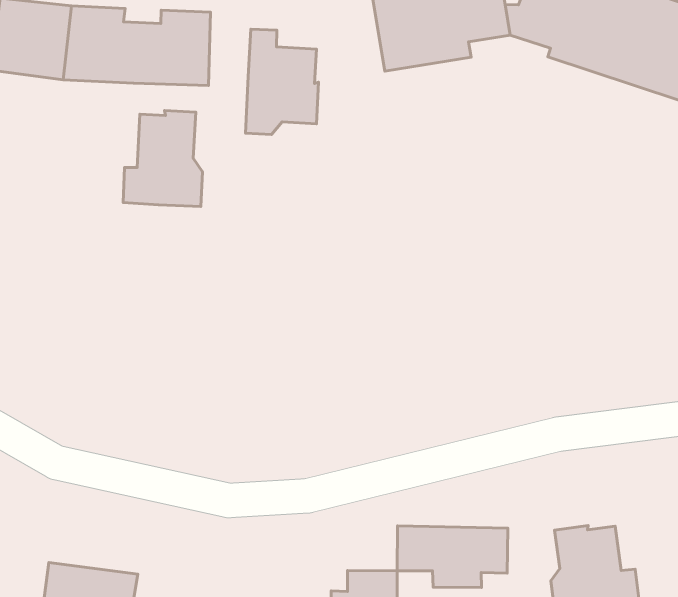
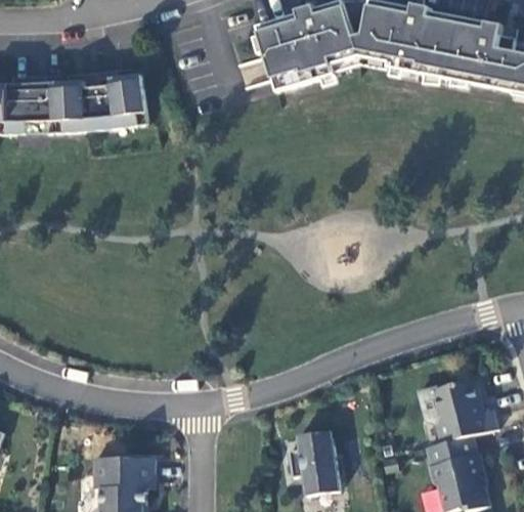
building: [246,29,319,134] -> none
building: [123,110,202,207] -> none
building: [397,526,508,588] -> none

